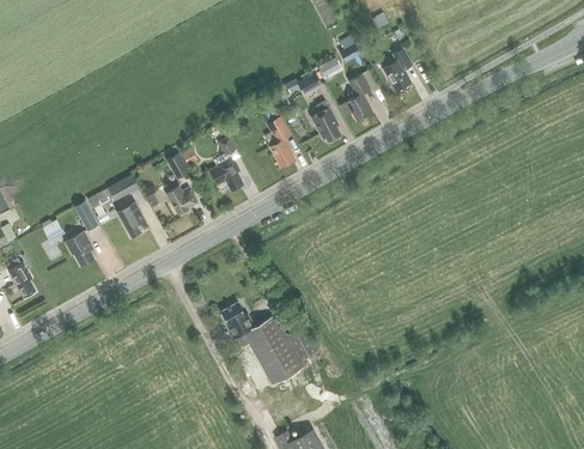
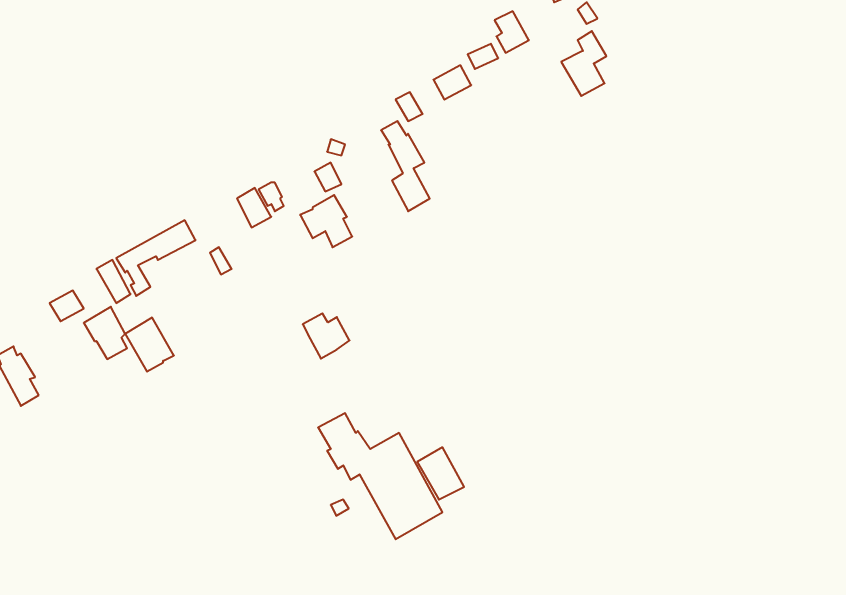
building: [339,73,372,121] -> none
building: [310,101,340,142] -> none
building: [165,184,196,214] -> [303,313,350,359]
building: [116,201,148,237] -> [125,318,174,372]

